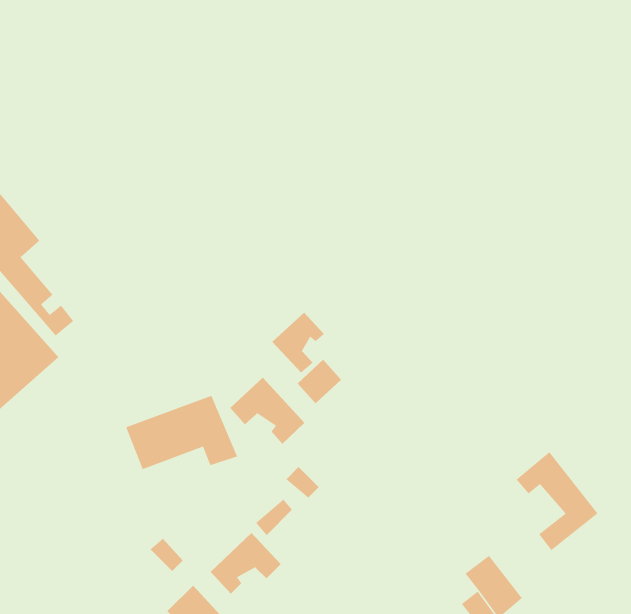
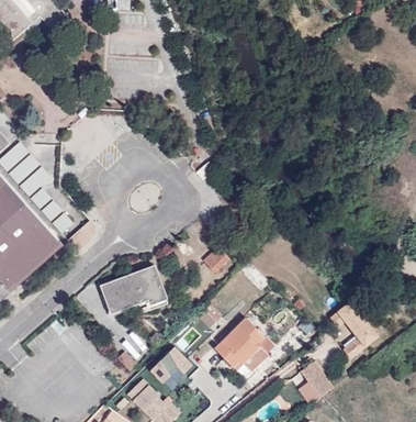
building: [271,312,325,374] -> none
building: [229,377,305,445] -> none
building: none -> [214,316,267,376]

